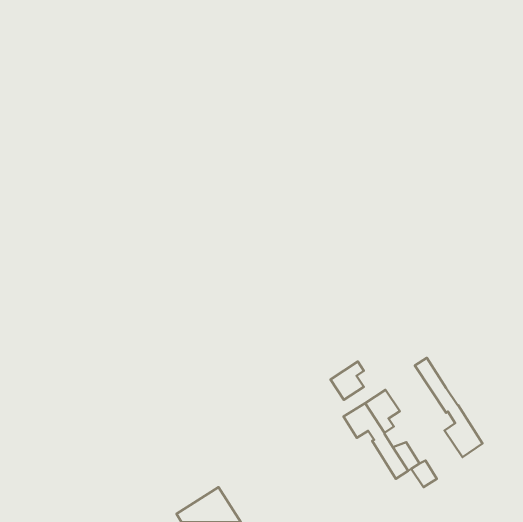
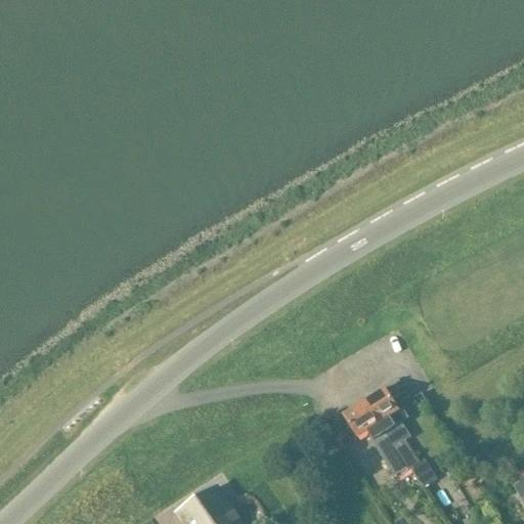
building: [415,358,483,457] -> none
building: [330,361,364,400] -> none

